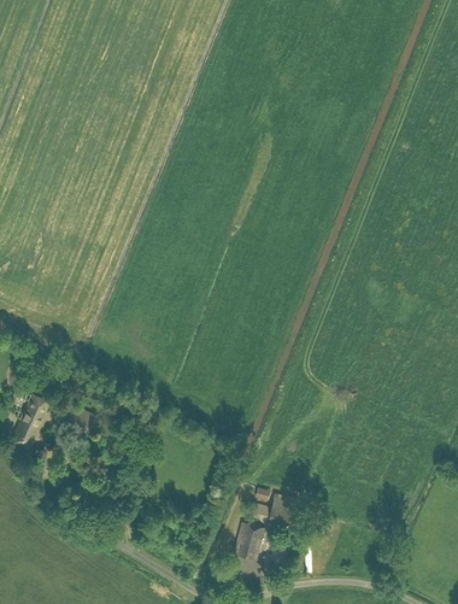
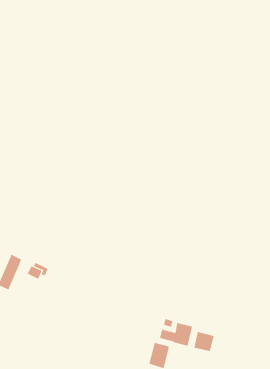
building: none -> [194,331,214,352]

